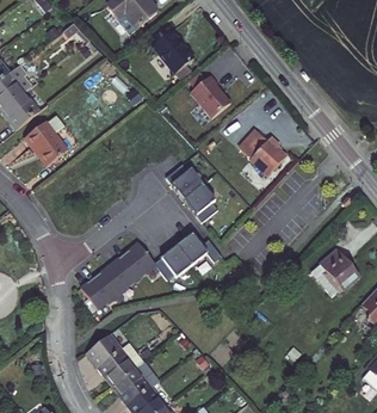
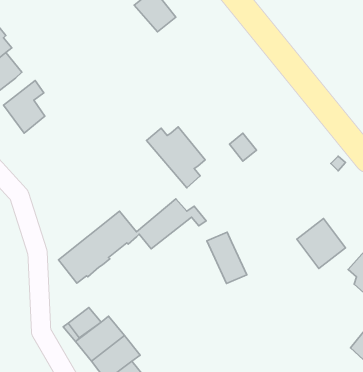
building: [188,72,229,115] -> none
building: [242,130,288,174] -> none
building: none -> [207,232,247,284]

